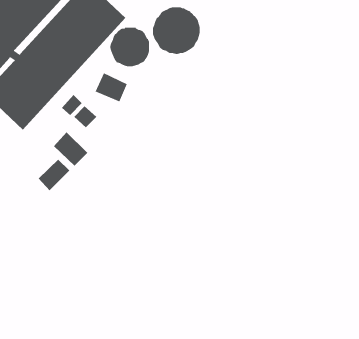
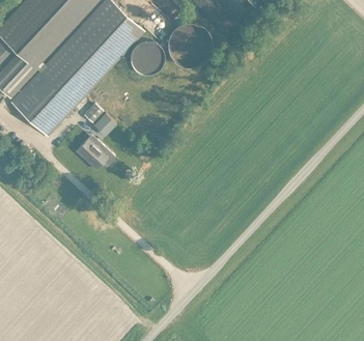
building: [94,72,128,103] -> none
building: [38,159,70,191] -> none

